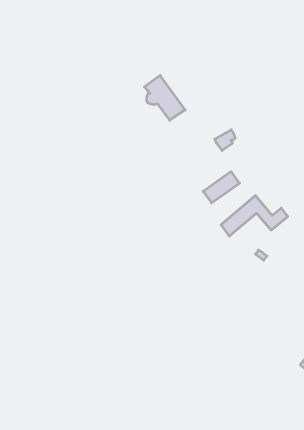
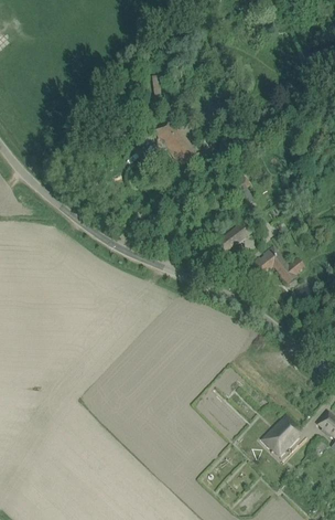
building: none -> [261,416,298,456]

